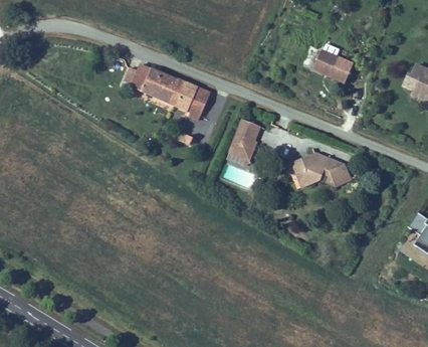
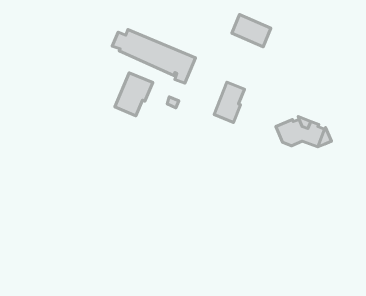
building: [312,49,353,82] -> [232,15,271,47]
building: none -> [115,73,153,116]

